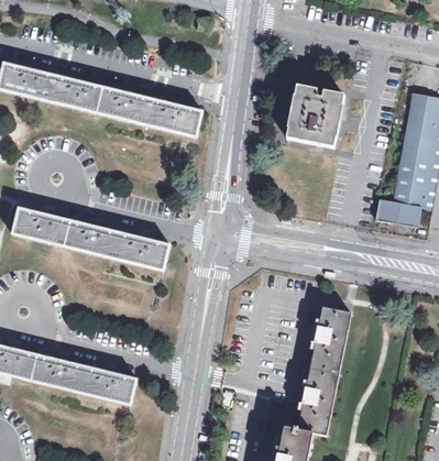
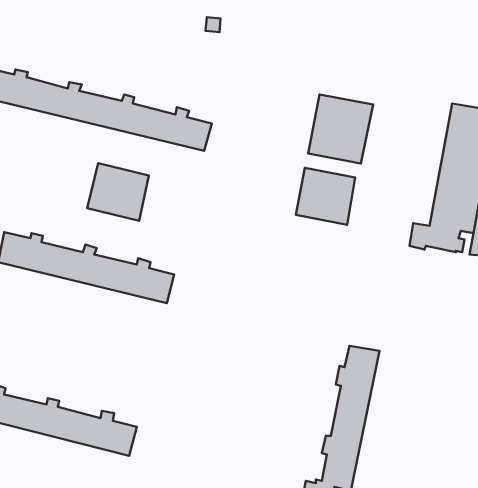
building: none -> [87,163,149,221]
building: none -> [296,168,355,225]

